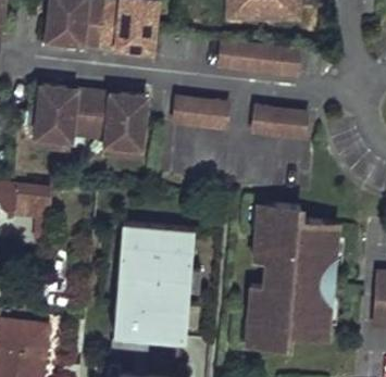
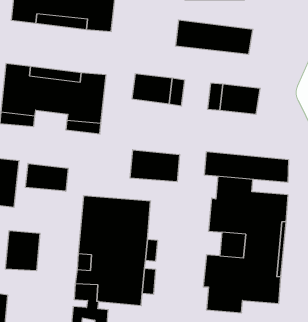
building: none -> [130,150,180,182]
building: none -> [204,152,289,182]
building: none -> [25,163,68,191]
building: none -> [5,231,40,271]

